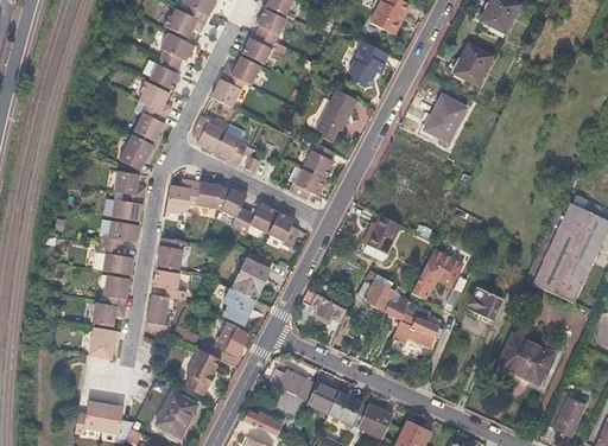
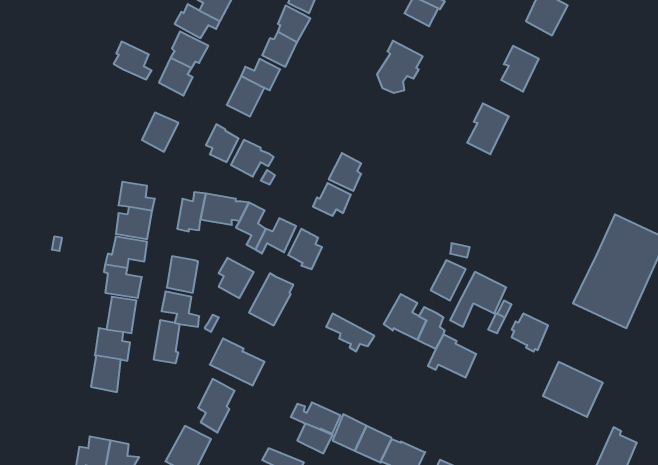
building: [138,81,172,115] -> [114,42,152,79]
building: [316,89,357,142] -> none
building: [120,134,153,170] -> none
building: [367,215,399,251] -> [431,260,466,301]
building: [222,286,254,323] -> [219,258,254,298]

